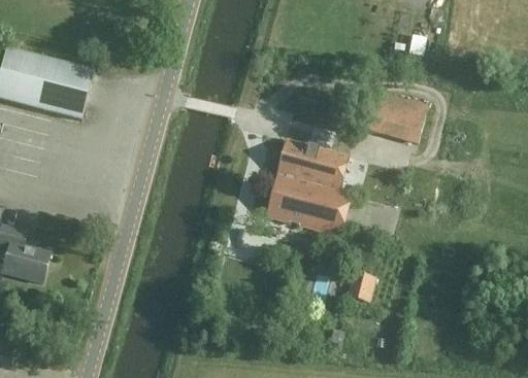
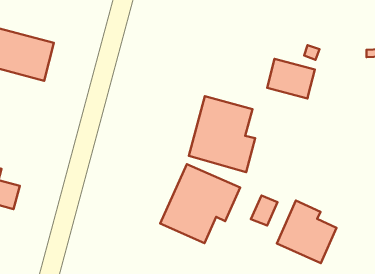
building: none -> [160,164,240,243]
building: none -> [277,200,337,263]

